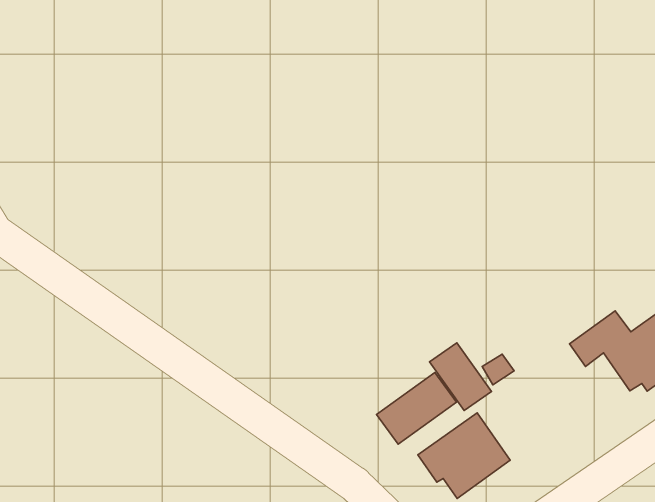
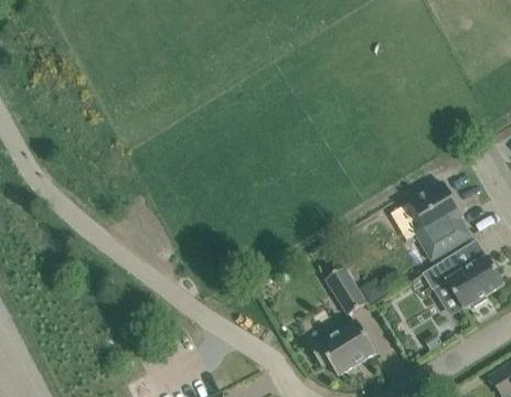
building: none -> [409,182,465,260]
building: [376,373,457,444] -> none

